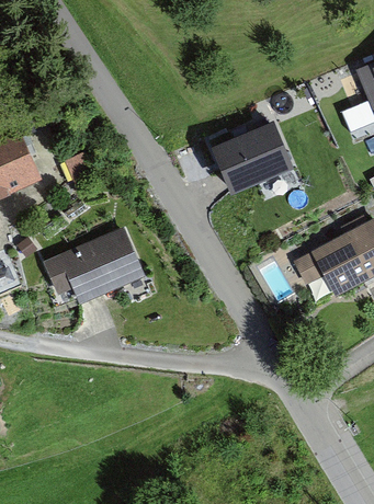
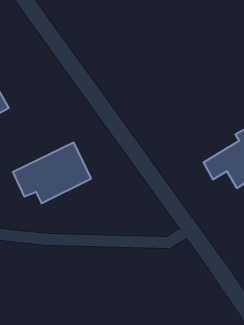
building: [211,121,297,194] -> none

